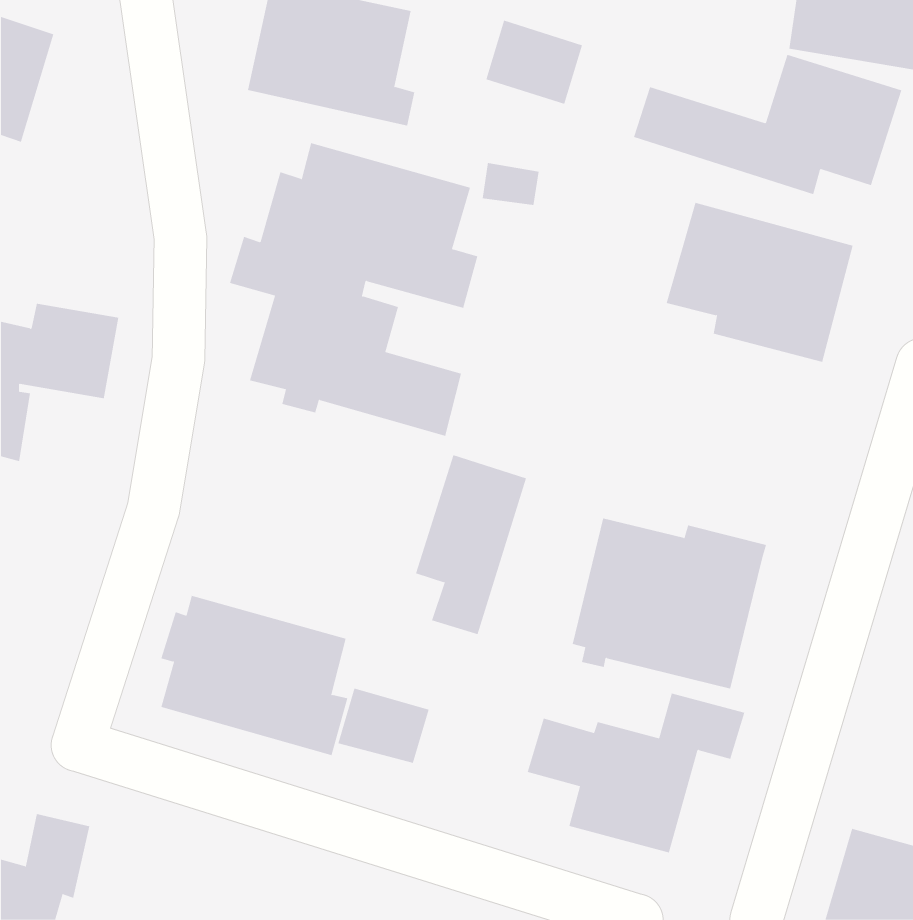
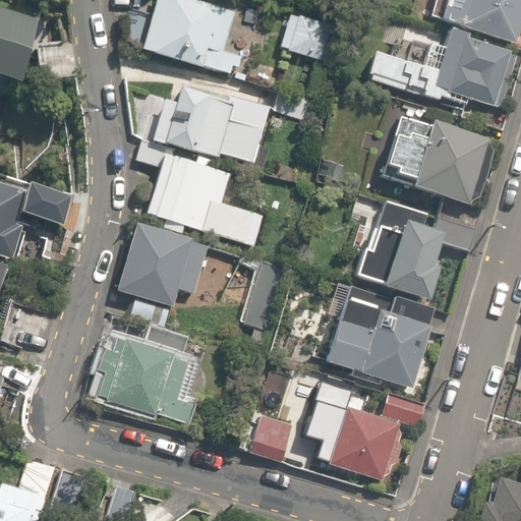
building: none -> [353,198,478,300]
building: none -> [116,223,210,306]
building: [338,688,430,763] -> [249,414,301,457]

